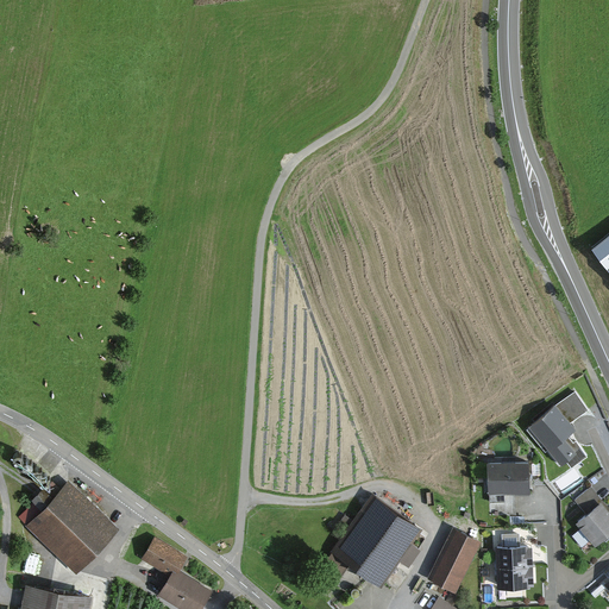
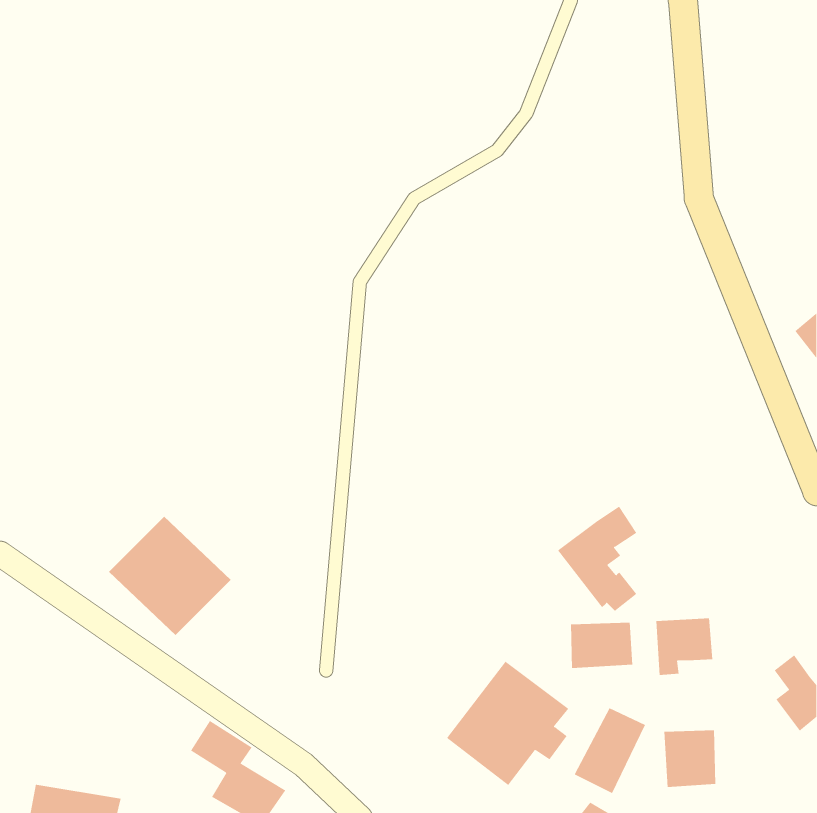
building: [529,394,589,472] -> [557,506,637,611]
building: none -> [571,622,633,669]
building: [26,484,118,573] -> [108,516,231,636]

